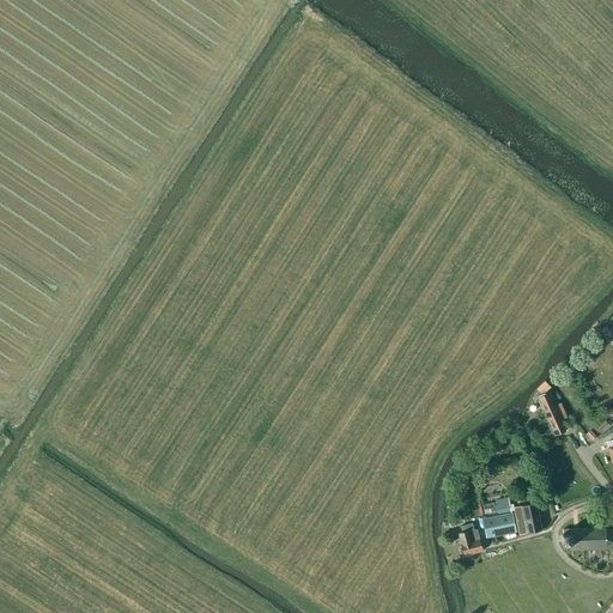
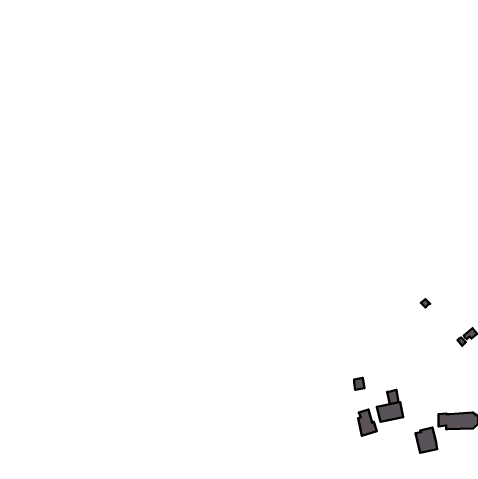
building: [538,394,565,436] -> none
building: [512,503,540,535] -> [415,428,437,453]

